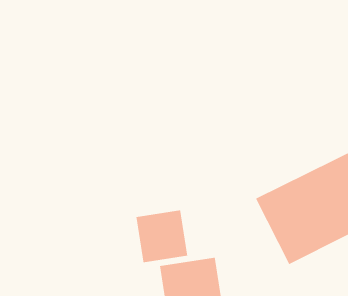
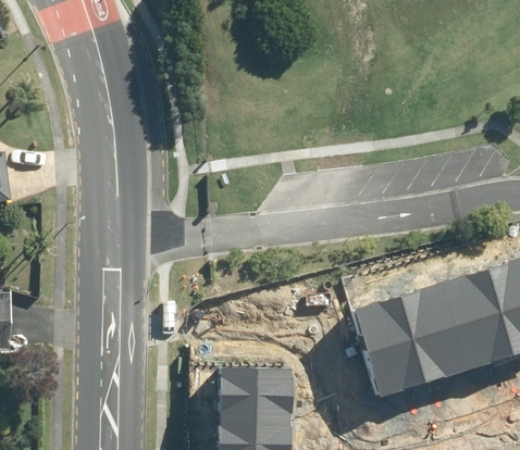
building: [136,210,188,263] -> none

